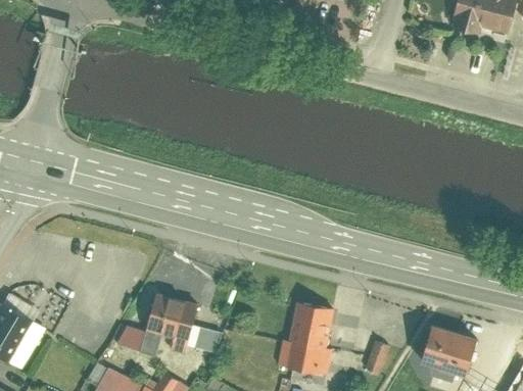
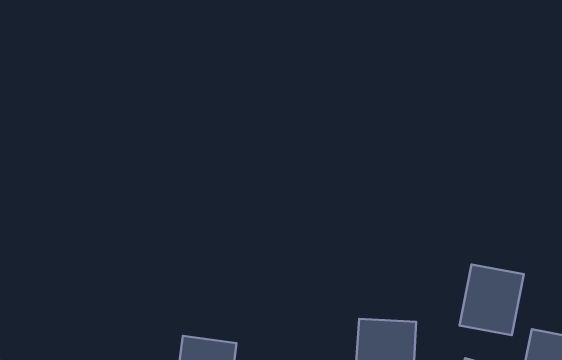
building: none -> [459,264,524,335]

